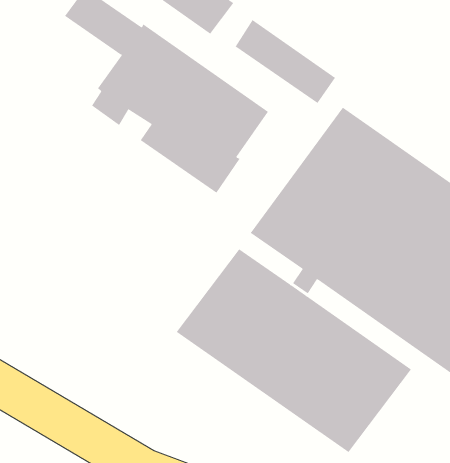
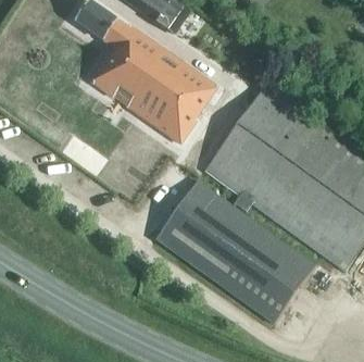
building: [235,19,336,104] -> none

